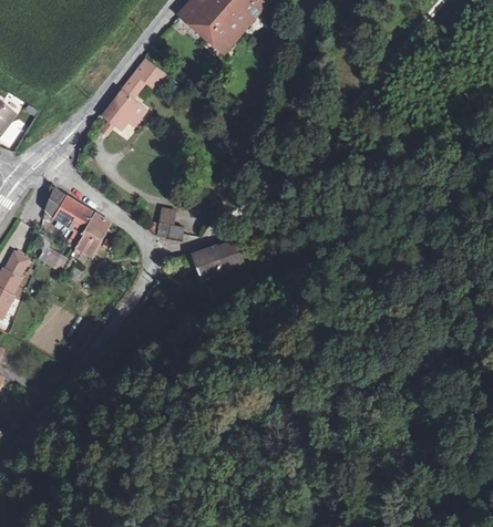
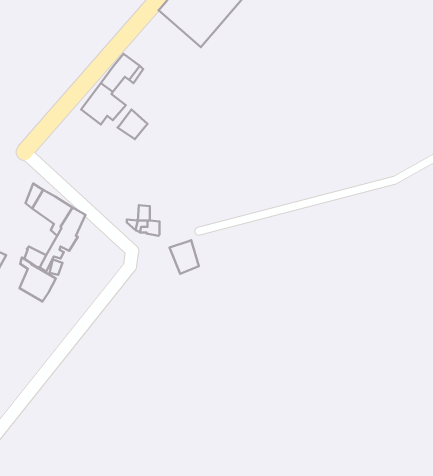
building: none -> [117,109,148,139]
building: [214,242,244,272] -> none
building: none -> [20,257,56,302]

